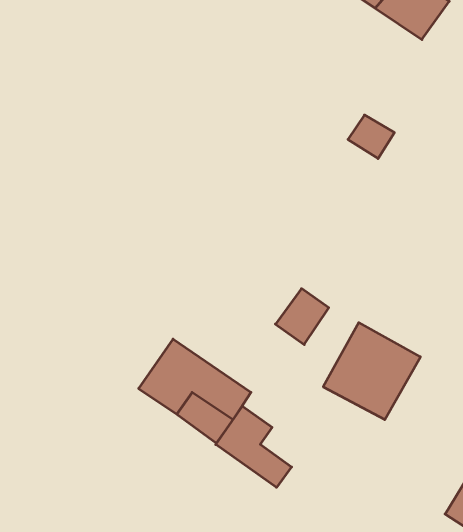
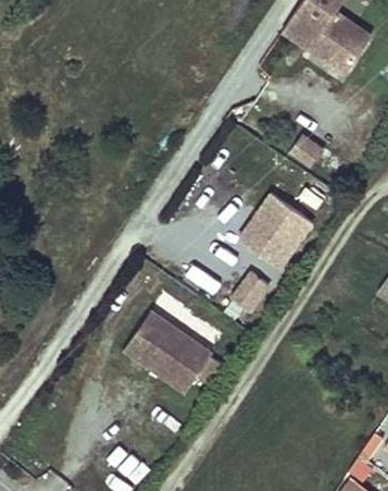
building: [323,323,420,420] -> [237,189,314,267]
building: [216,406,292,487] -> none

